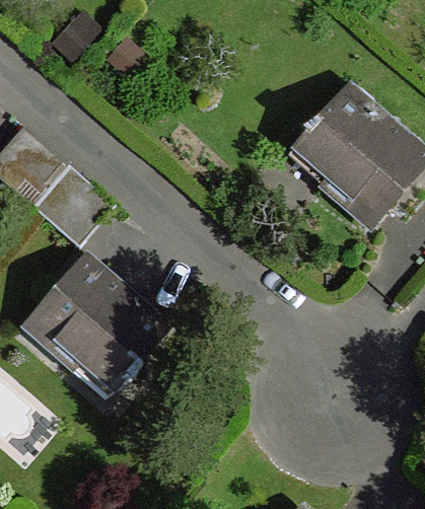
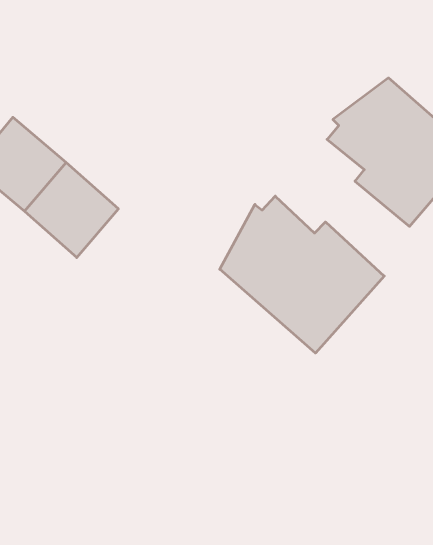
building: none -> [220,196,384,353]
building: [28,263,159,385] -> none

